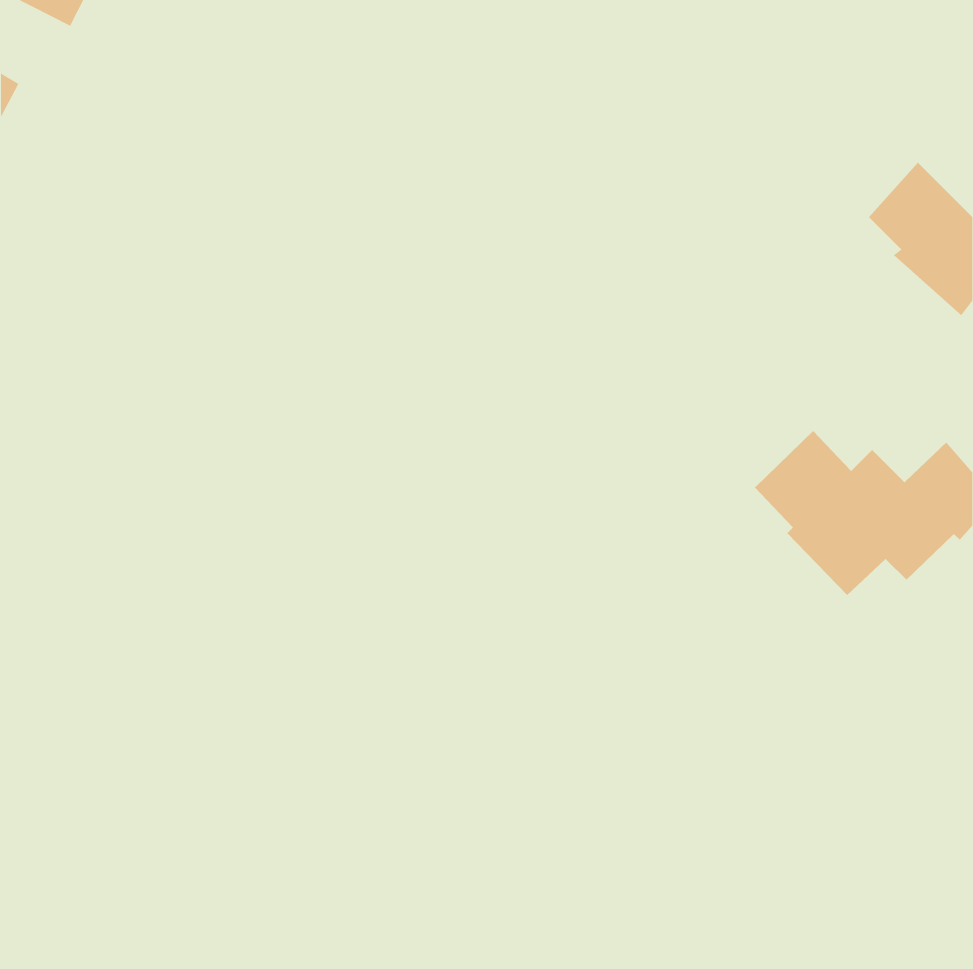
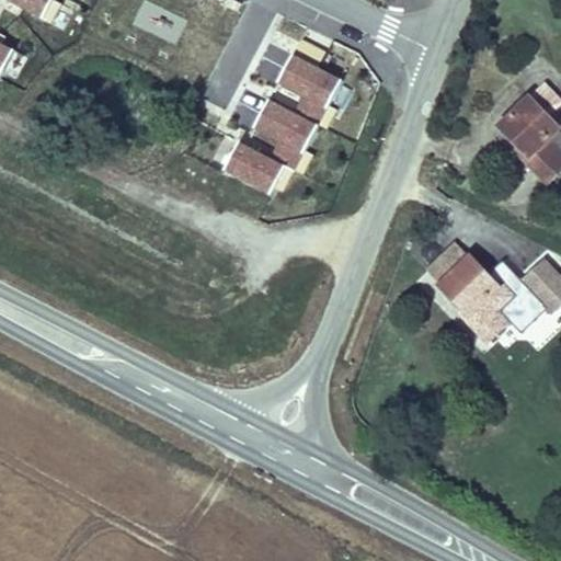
building: none -> [224,55,341,194]

